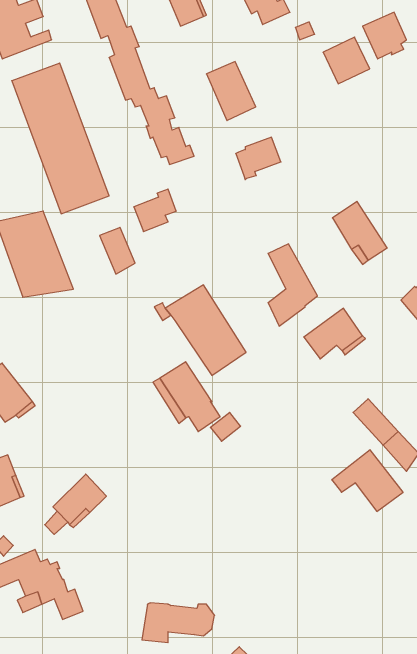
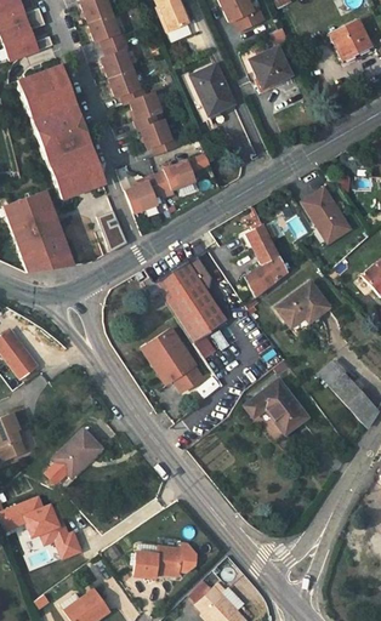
building: [323,37,370,84] -> [250,47,291,89]
building: [236,137,281,180] -> [157,163,197,200]
building: [332,450,403,511] -> [245,380,308,434]

